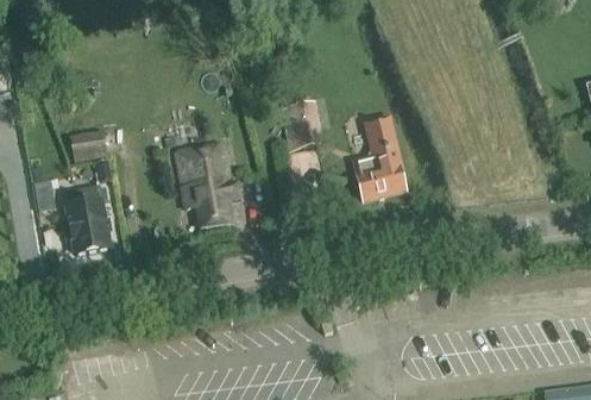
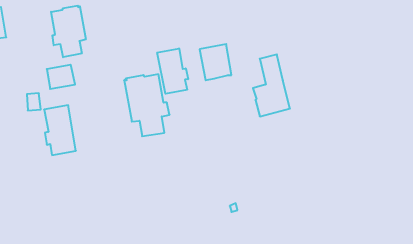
building: none -> [51,6,86,57]
building: none -> [157,48,188,94]

